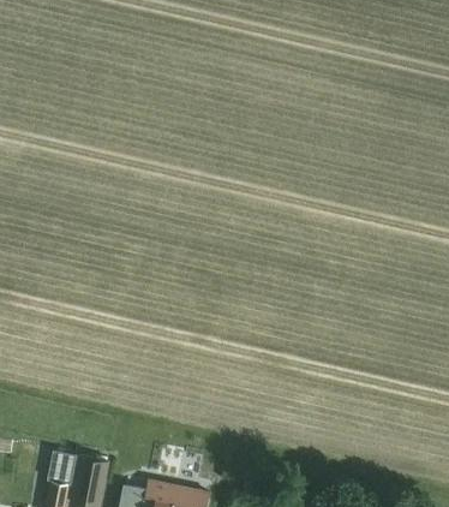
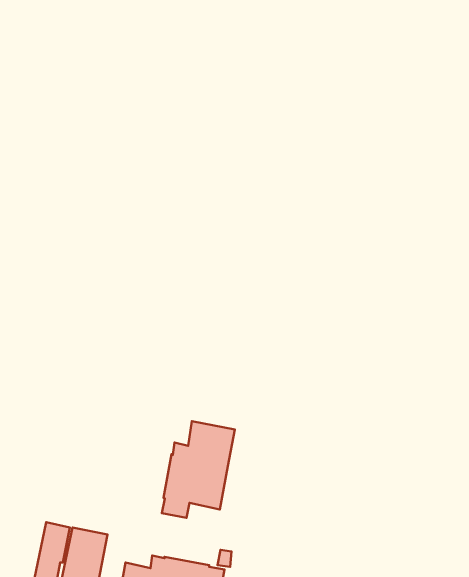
building: none -> [162,421,235,518]

